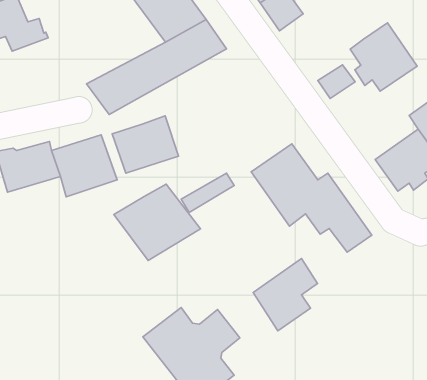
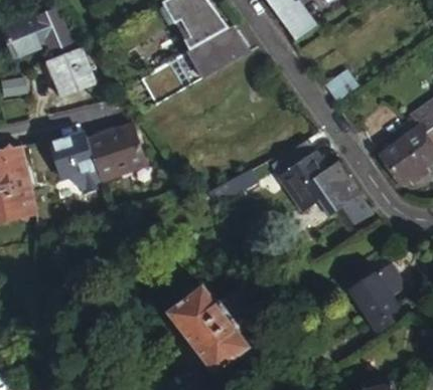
building: [350,23,417,91] -> none
building: none -> [49,51,99,100]
building: [112,116,179,173] -> none
building: [114,184,201,261] -> none
building: [253,259,317,331] -> [343,261,401,326]

